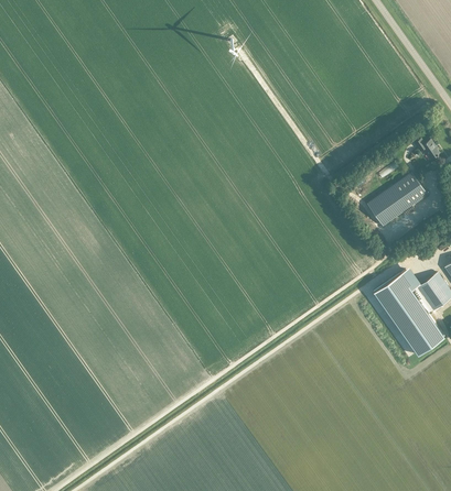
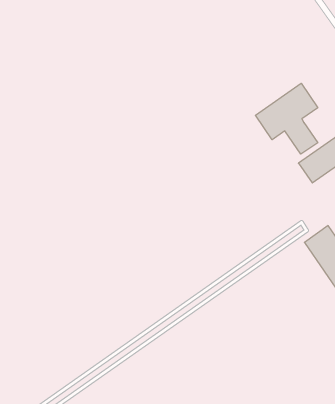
building: none -> [255,83,318,154]

